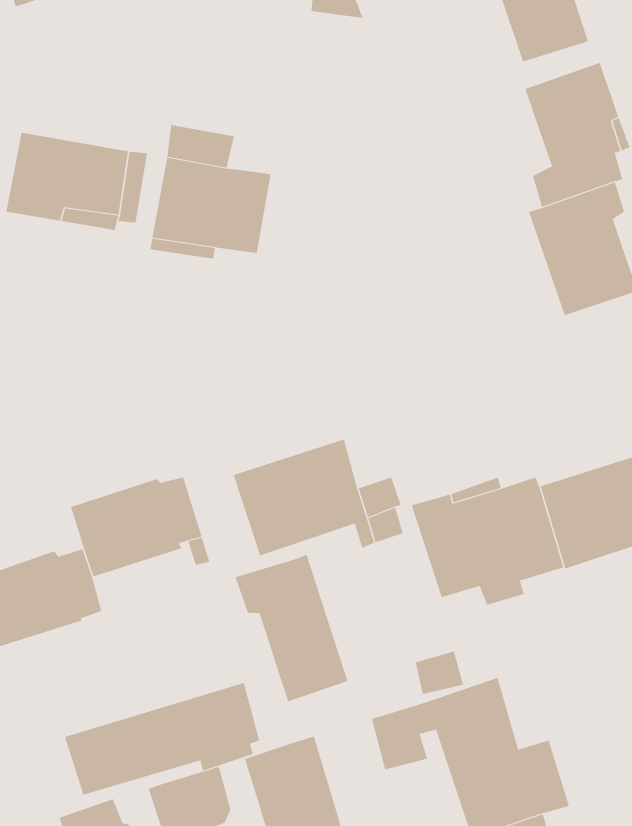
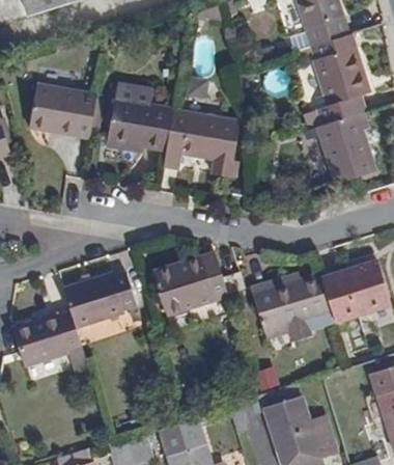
building: none -> [163,108,240,176]
building: [235,554,348,702] -> none
building: [64,682,260,795] -> none

